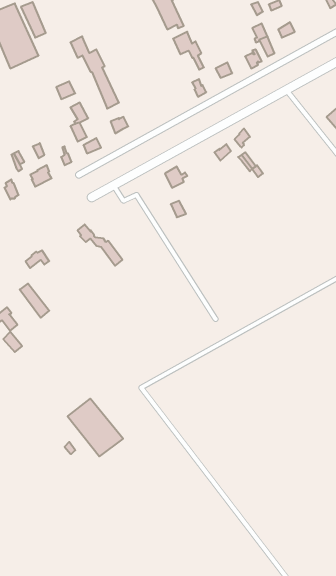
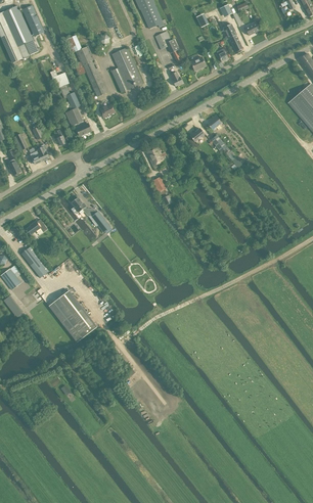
building: none -> [110,47,142,91]
building: [68,399,123,456] -> [47,289,95,339]

